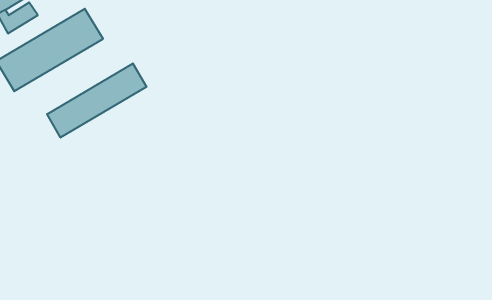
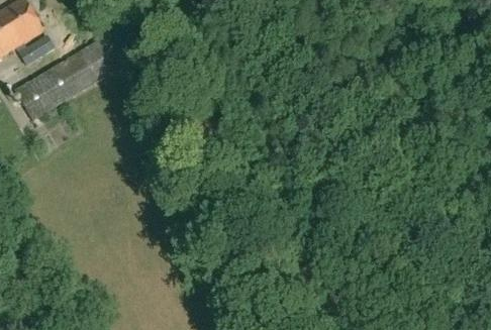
building: [47,63,146,138] -> none

